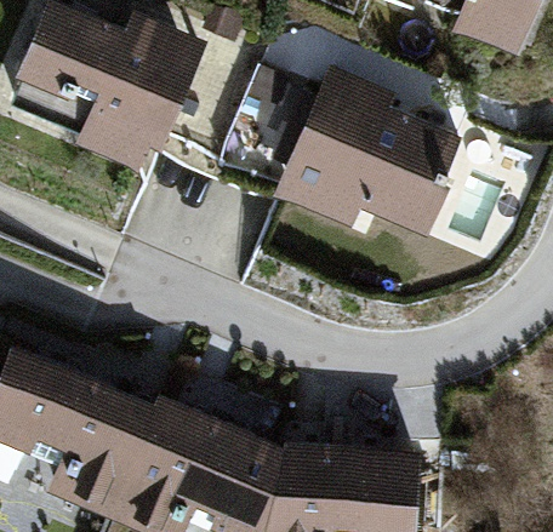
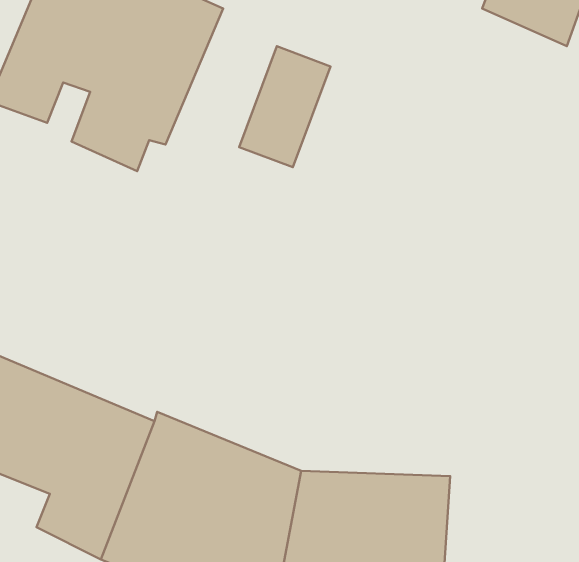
building: [272,63,466,236] -> none

